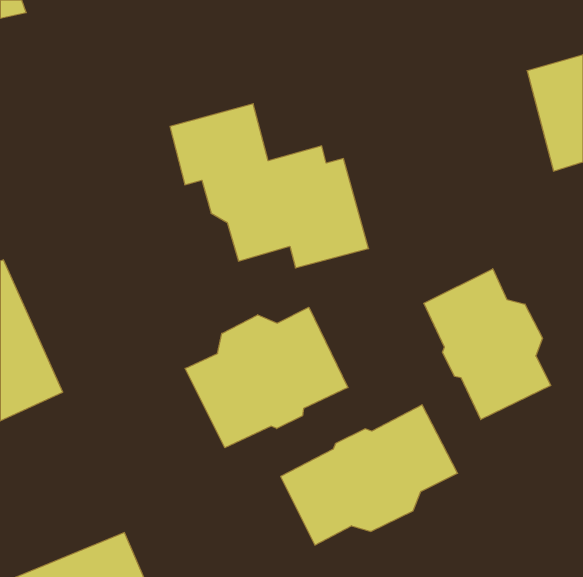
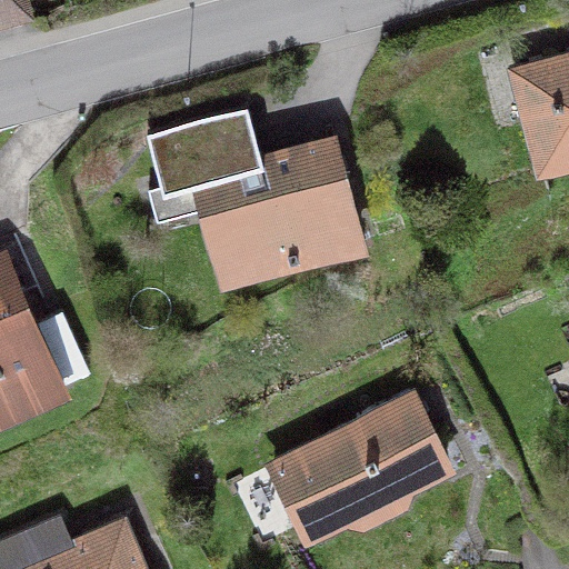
building: [424,269,551,420] -> none
building: [185,307,348,448] -> none

